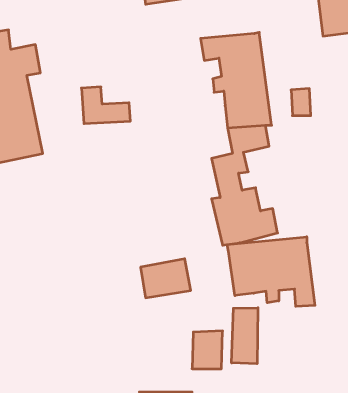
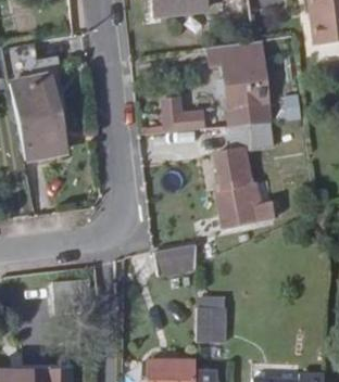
building: [81,87,130,124] -> [164,97,208,129]
building: [227,237,315,306] -> none
building: [232,308,258,364] -> none

